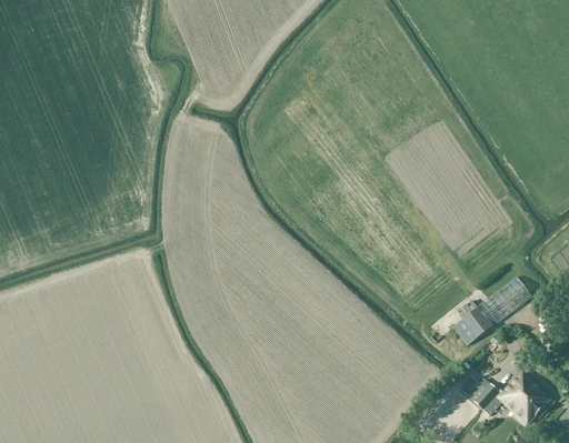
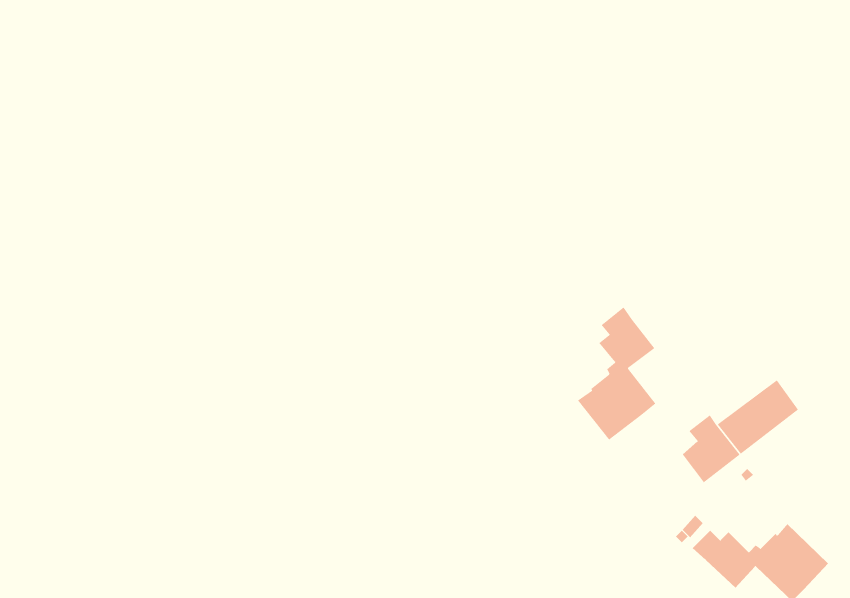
building: none -> [577,307,656,441]

